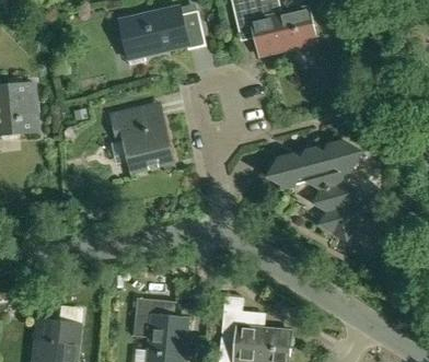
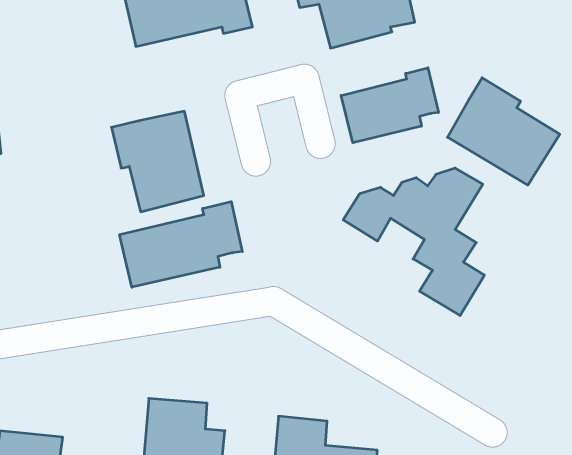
building: none -> [341,68,438,143]
building: none -> [447,78,560,185]
building: none -> [120,202,242,287]

